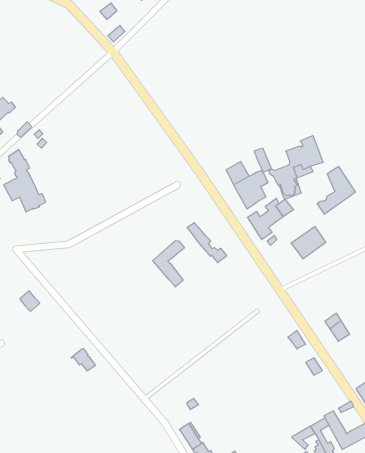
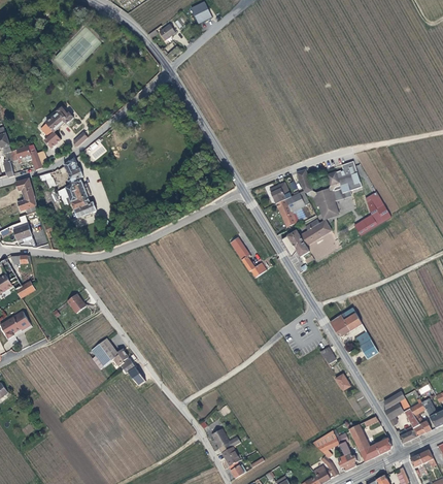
building: [291,227,326,259] -> [329,308,362,337]
building: [153,241,184,287] -> none
building: none -> [86,337,124,367]

